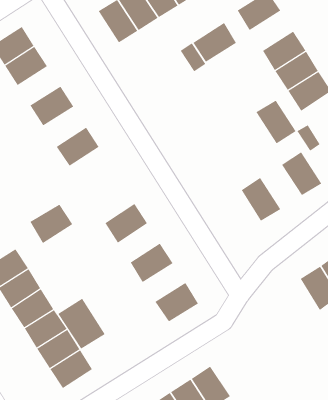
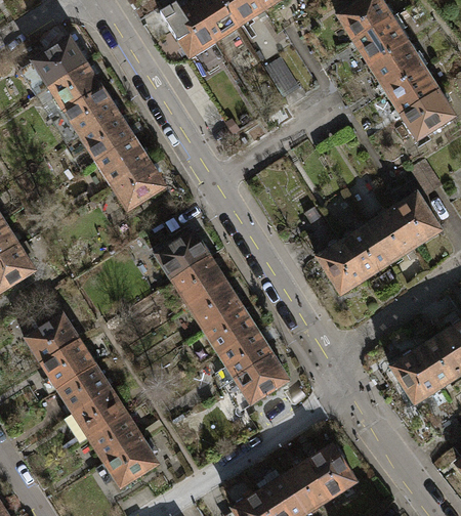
building: [192,22,237,62] -> [352,15,408,66]
building: none -> [64,85,118,134]
building: [256,100,297,144] -> [367,208,418,263]
building: none -> [95,135,150,185]
building: none -> [317,240,367,295]
building: [29,204,73,244] -> [156,230,210,281]
building: none -> [188,281,242,330]
building: none -> [219,331,274,379]
building: none -> [390,350,441,406]
building: [57,298,105,350] -> none
building: none -> [304,442,354,497]

